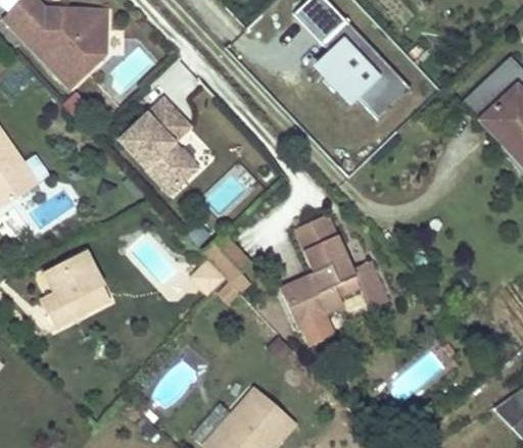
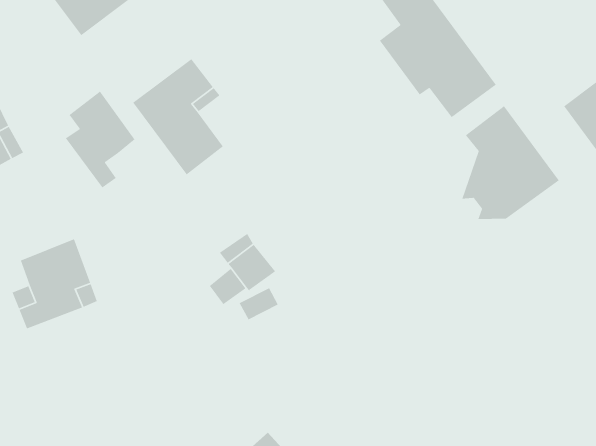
building: none -> [461,105,560,220]
building: none -> [65,91,136,188]
building: [282,215,386,347] -> none

